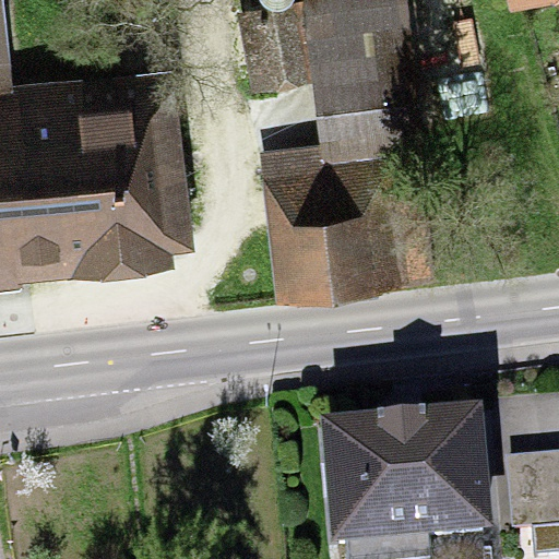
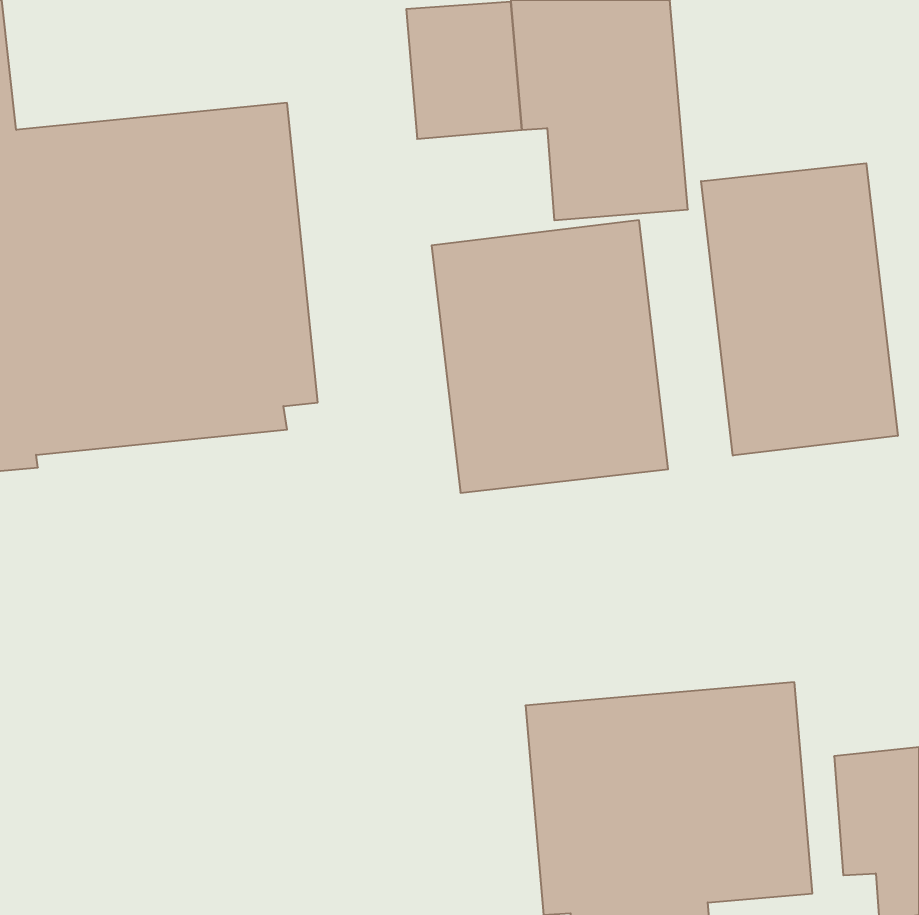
building: none -> [701,163,898,456]

